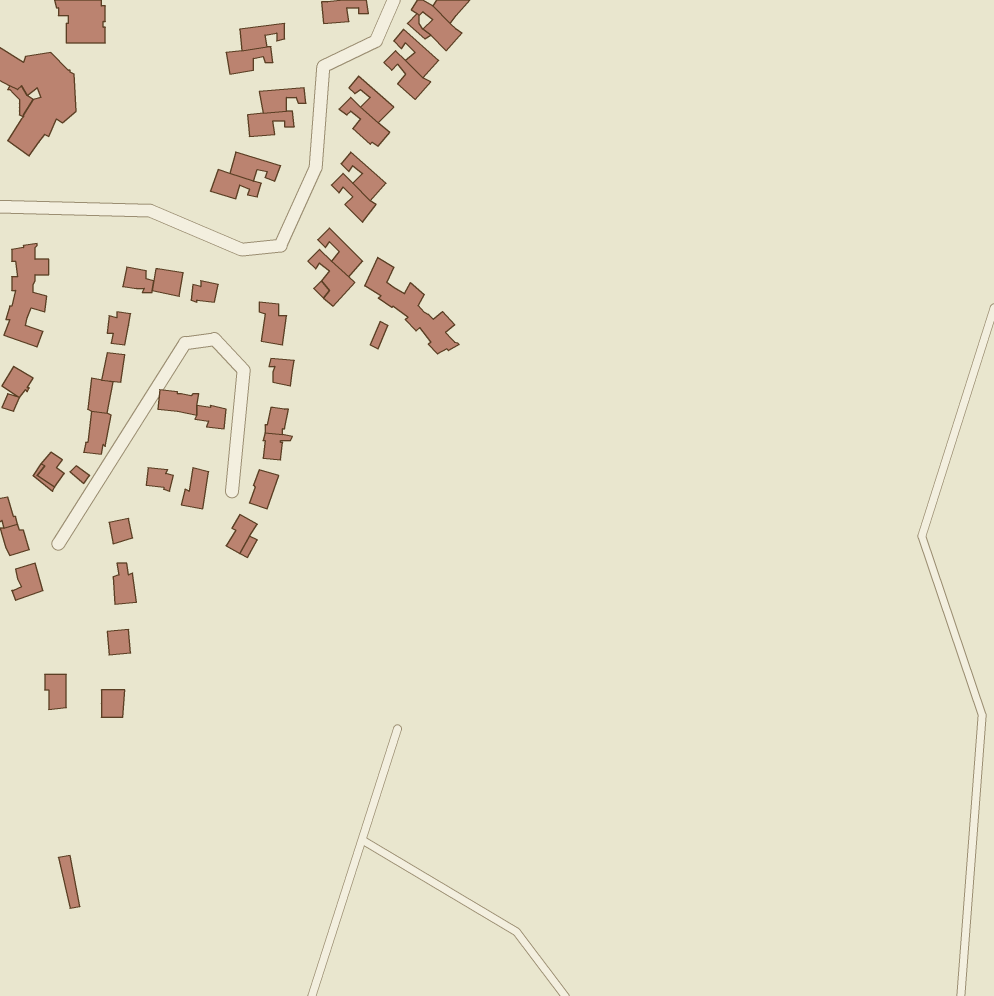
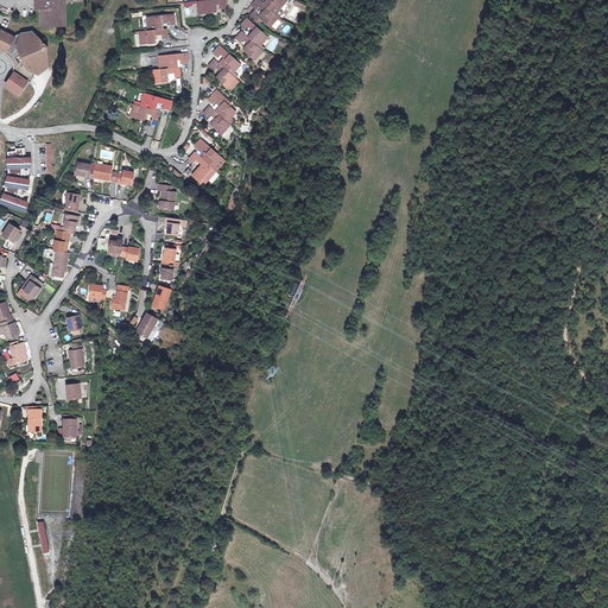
building: [365,257,459,354] -> none

